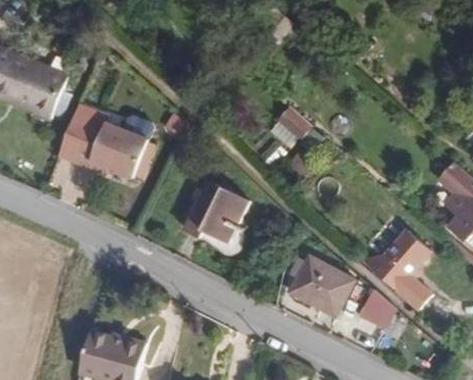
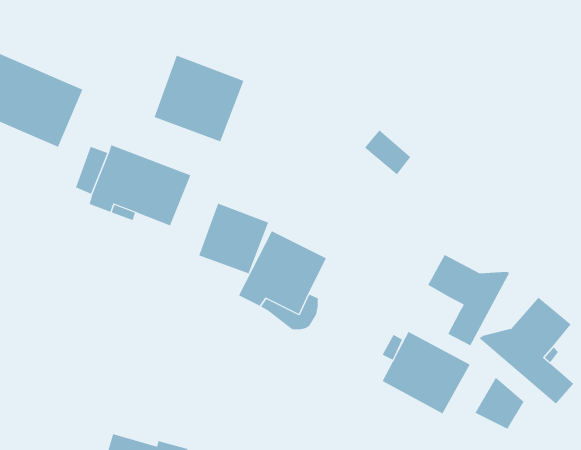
building: none -> [154,55,244,142]
building: none -> [199,203,269,274]
building: none -> [427,254,510,346]

